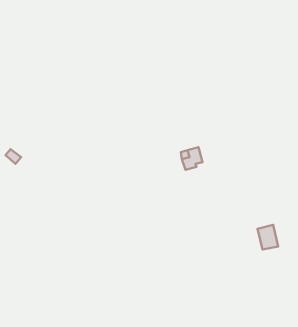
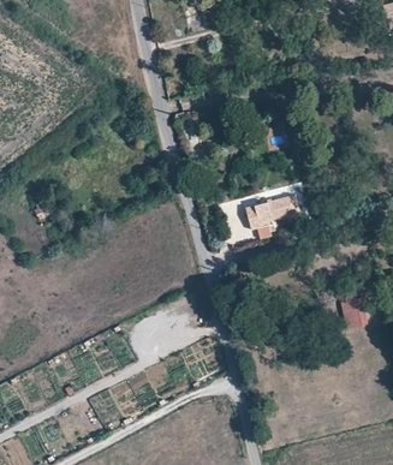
building: none -> [267,196,299,221]

